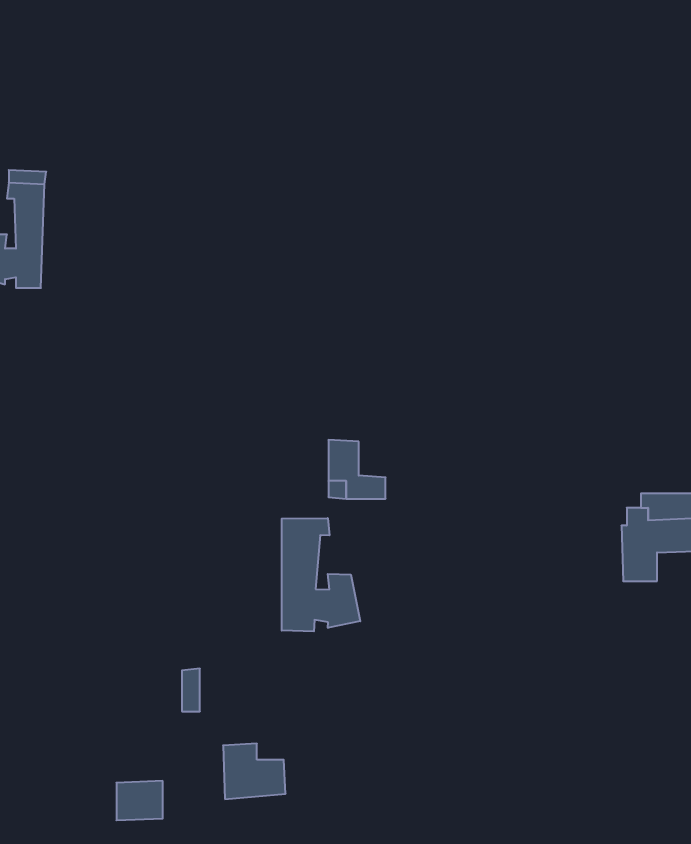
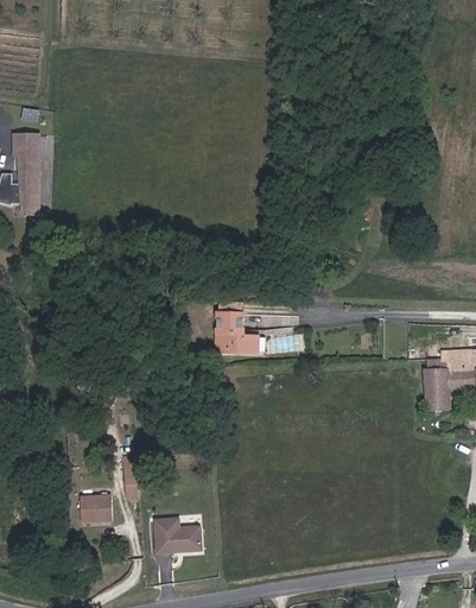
building: [282,518,360,631] -> none
building: [116,781,163,820] -> [84,492,115,518]

